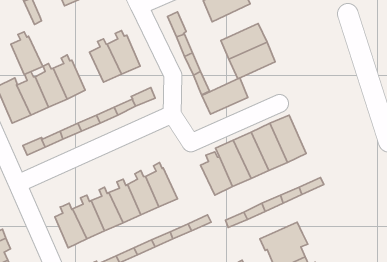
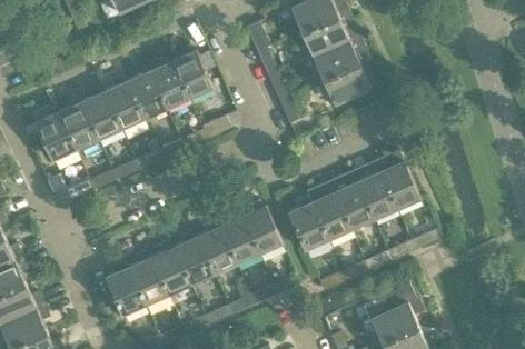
building: [11,32,43,74] -> [126,67,166,120]
building: [202,78,248,114] -> [301,12,359,58]
building: none -> [240,201,281,256]

